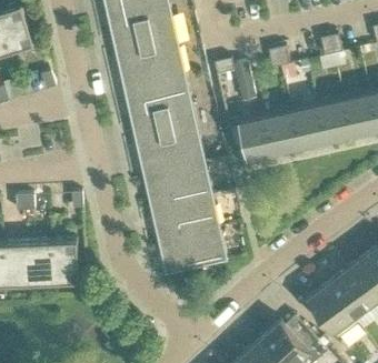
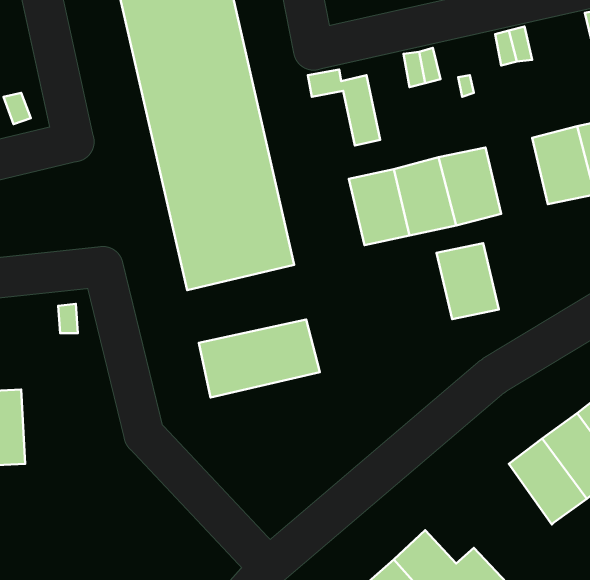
building: [315,99,350,142] -> [436,243,499,319]
building: [145,171,212,215] -> none
building: [158,232,227,276] -> none
building: [50,241,78,284] -> none
building: [307,284,359,340] -> none

